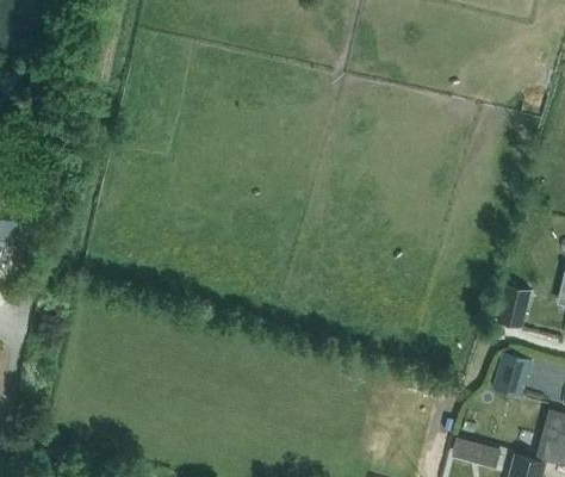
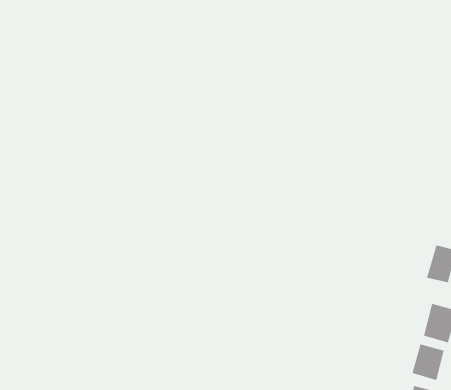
building: none -> [412,343,444,381]

